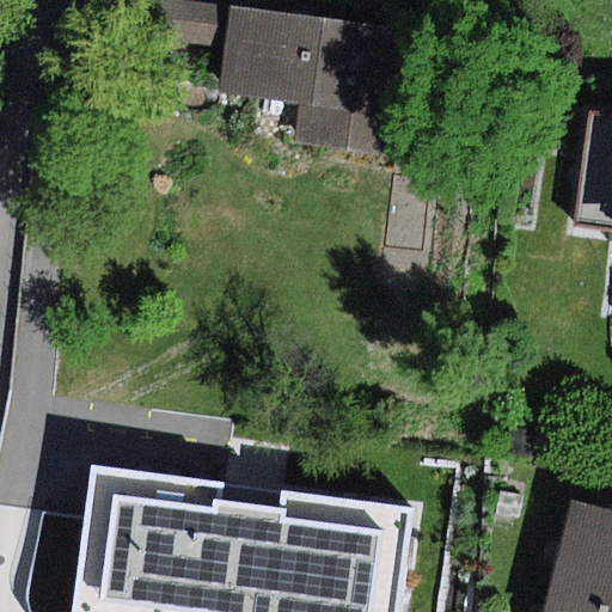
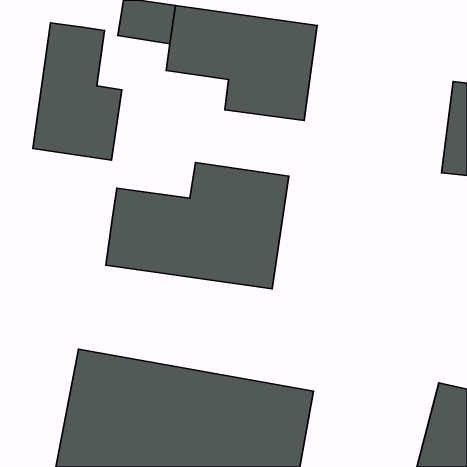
building: none -> [33,23,122,160]
building: none -> [106,162,289,289]

